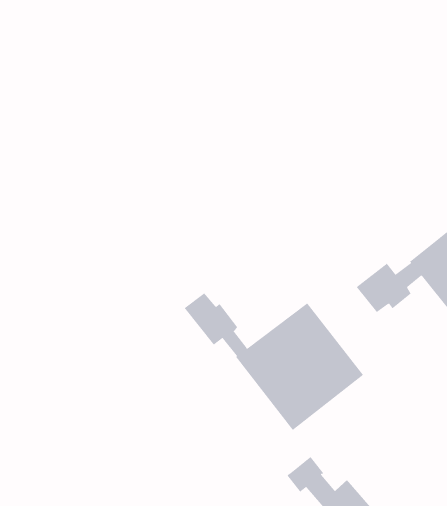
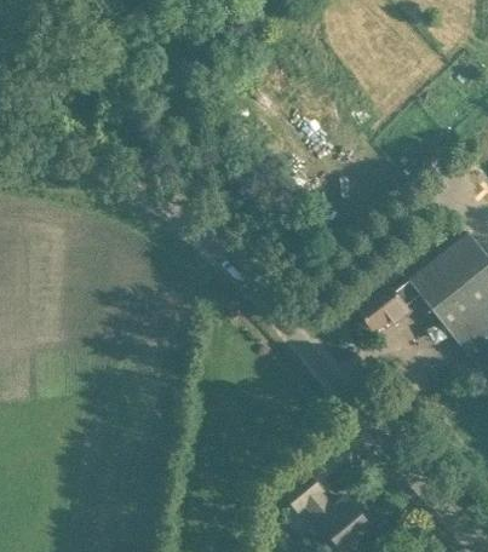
building: [184,292,364,431] -> none

